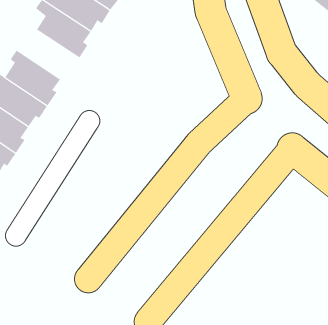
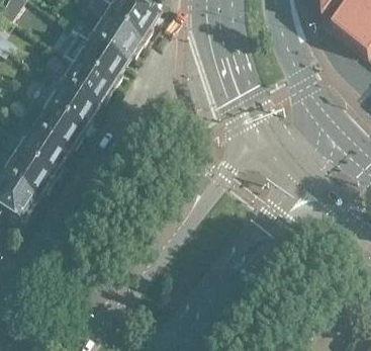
building: none -> [53,60,113,107]

